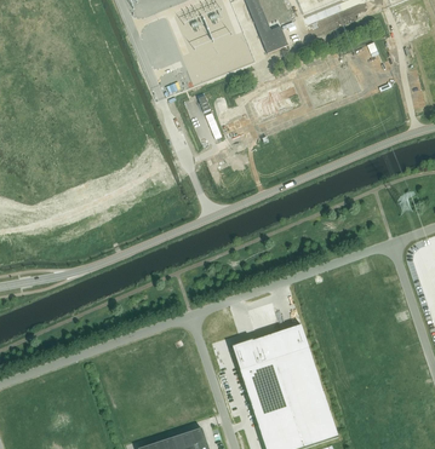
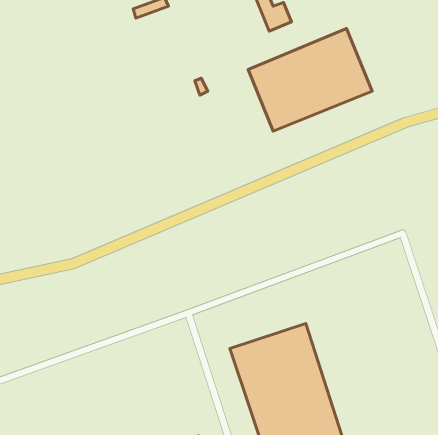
building: none -> [248,29,372,131]

